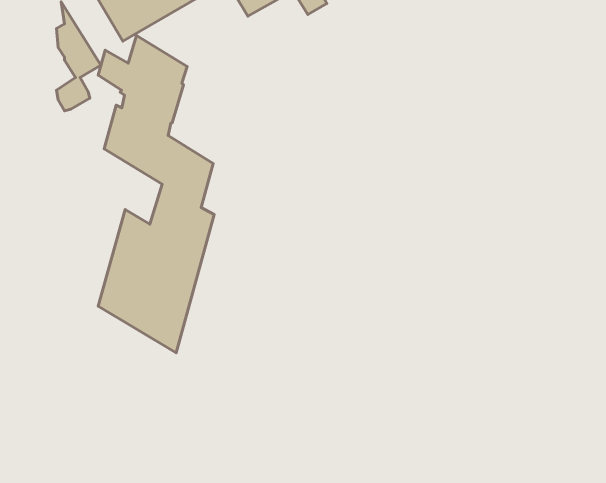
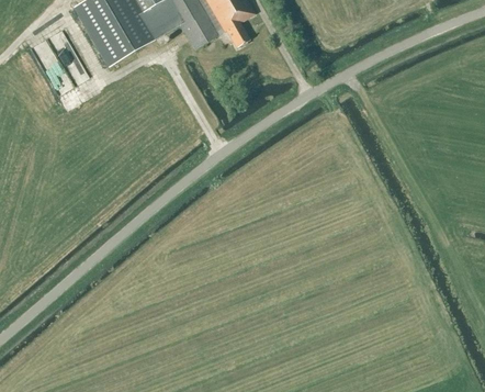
building: [98,36,214,353] -> none

